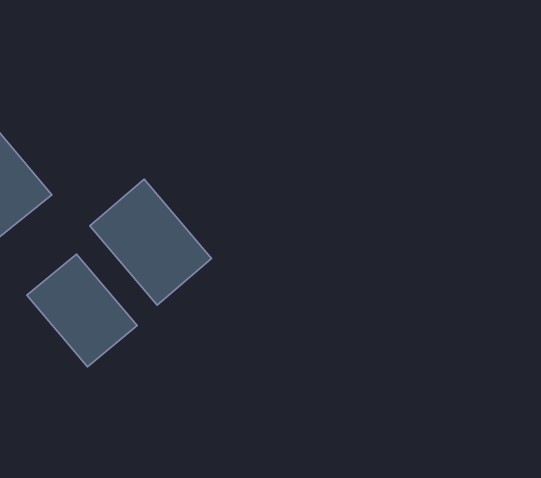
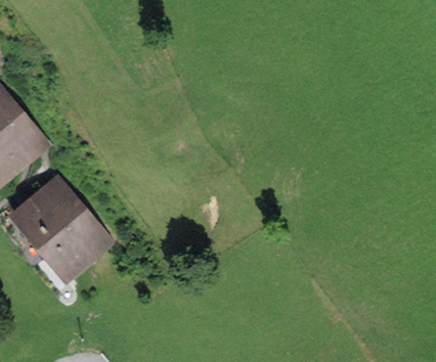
building: [90,179,212,305] -> none

